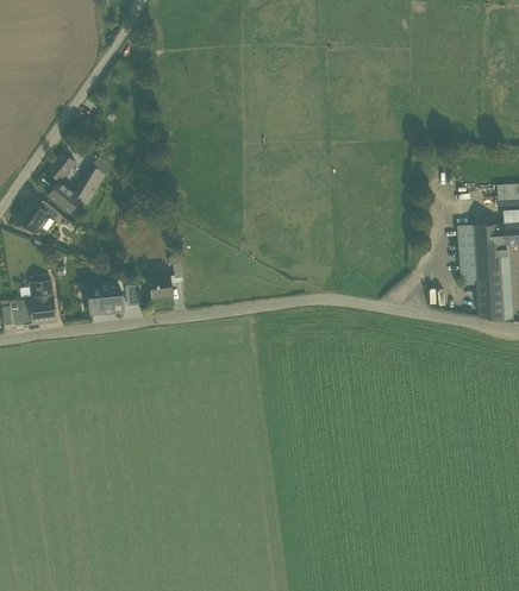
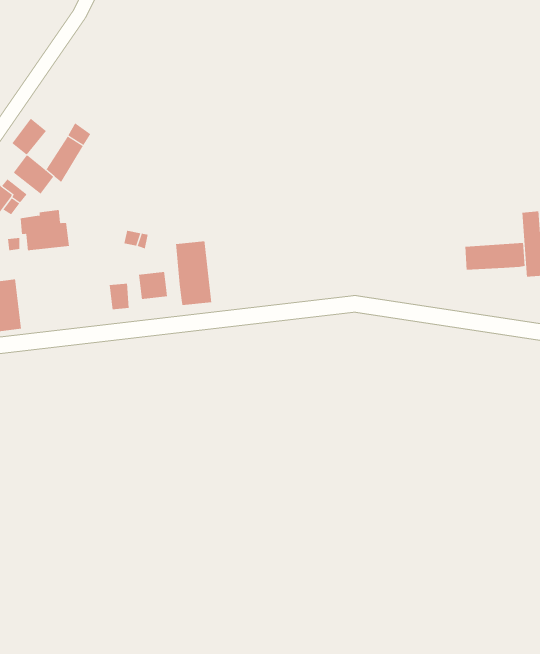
building: none -> [175,241,212,306]
building: none -> [465,242,525,271]
building: [82,281,123,314] -> [20,209,70,251]

